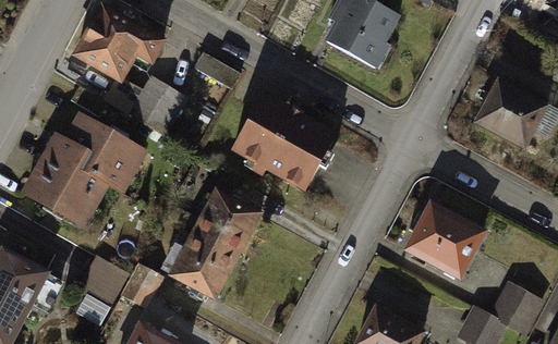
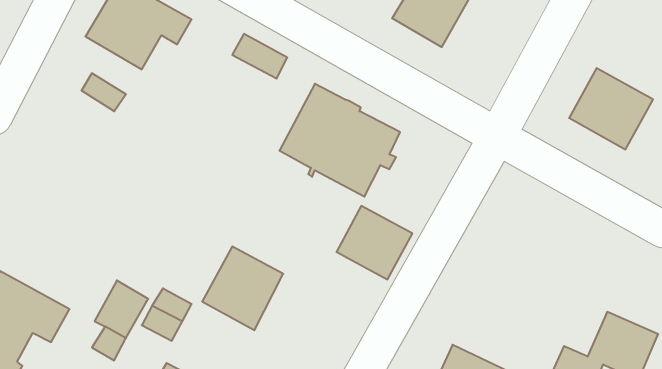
building: [129,76,182,132] -> none
building: [22,114,142,230] -> none
building: [194,189,257,250] -> [336,206,412,279]
building: [409,201,487,278] -> none

